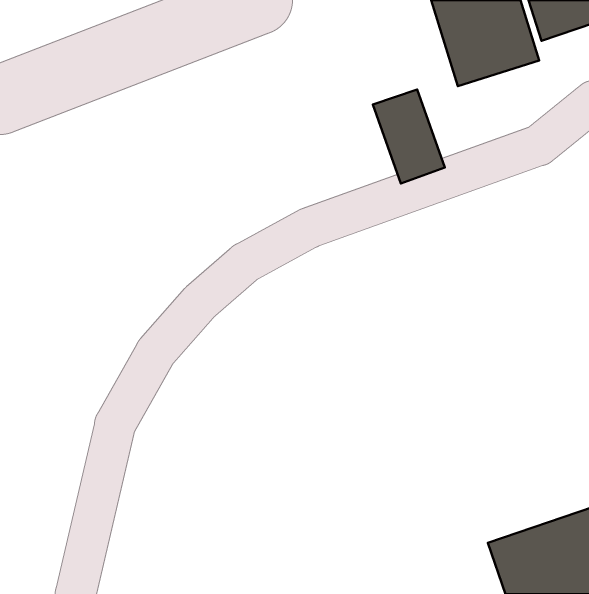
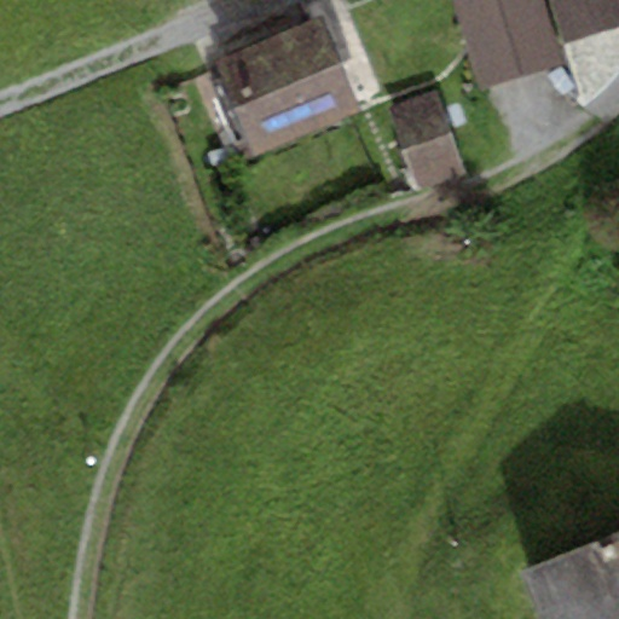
building: none -> [218,17,359,157]

